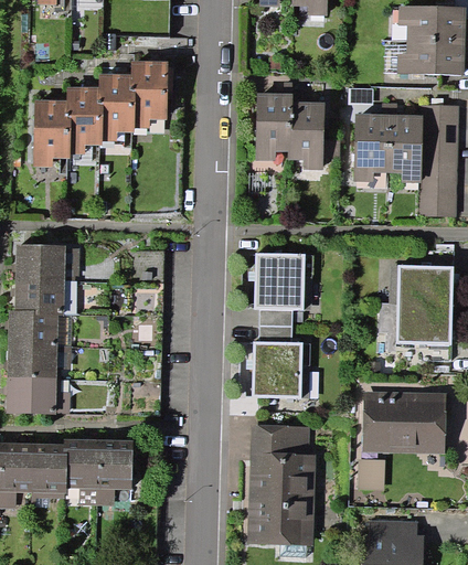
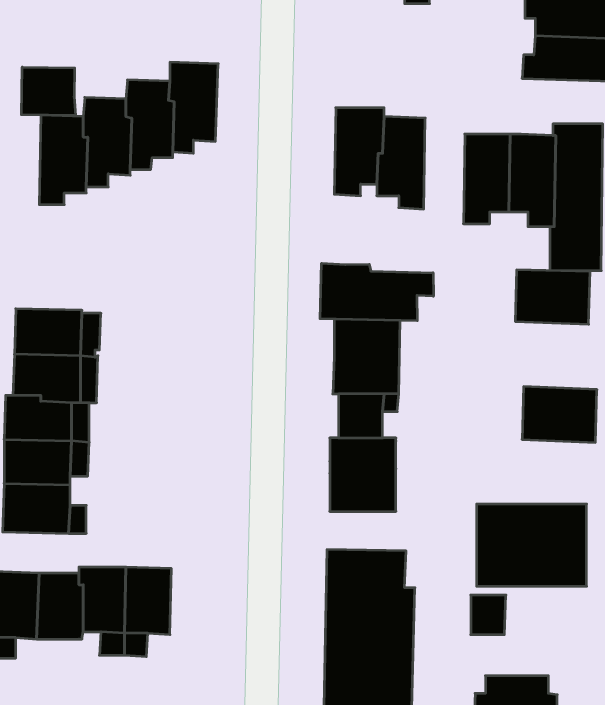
building: none -> [21,67,76,116]
building: none -> [320,263,433,321]
building: [397,265,454,306] -> [515,270,590,324]

